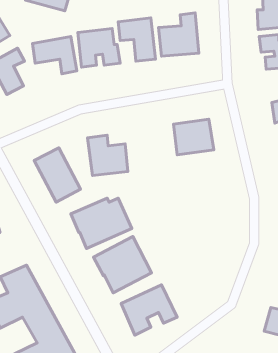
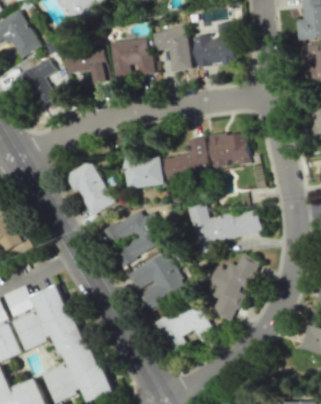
building: none -> [163,138,209,178]
building: none -> [189,205,261,254]
building: none -> [208,254,258,322]

